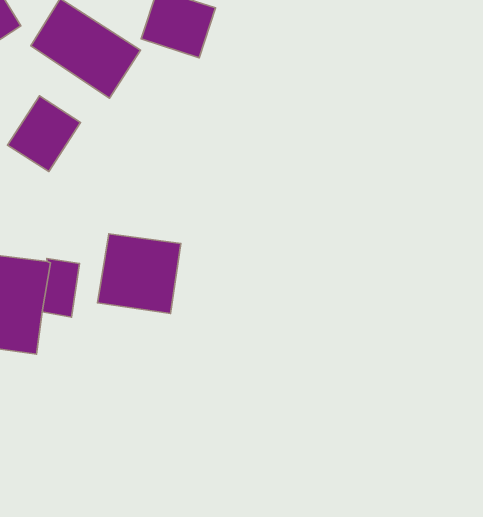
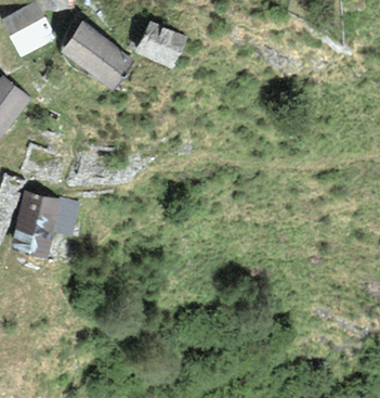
building: [8,96,81,172] -> none
building: [98,234,181,313] -> none

